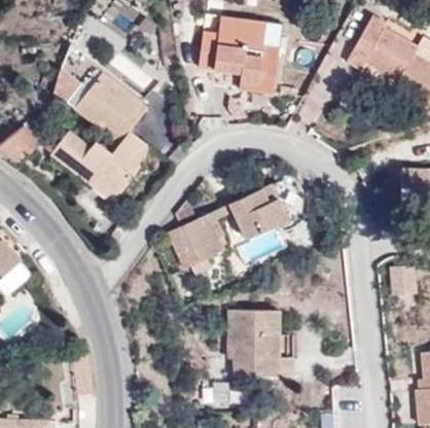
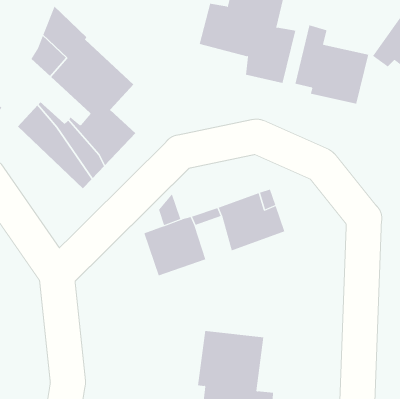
building: none -> [295,25,369,105]

